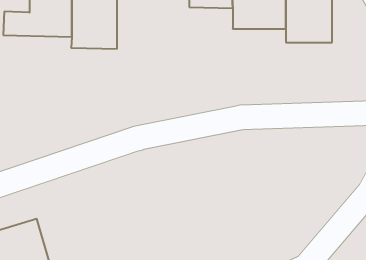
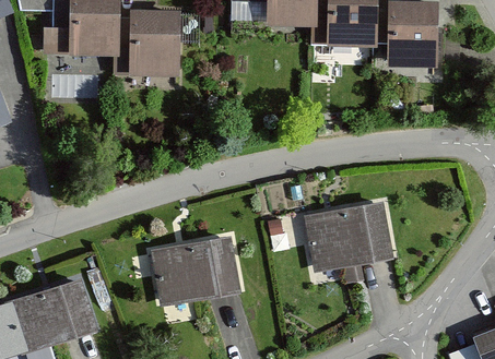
building: none -> [304,202,390,272]
building: none -> [150,237,240,303]

